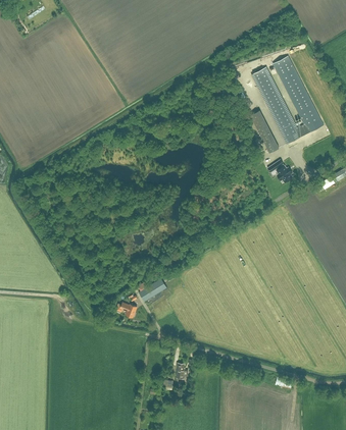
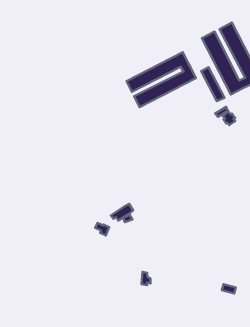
building: none -> [127,52,196,107]

